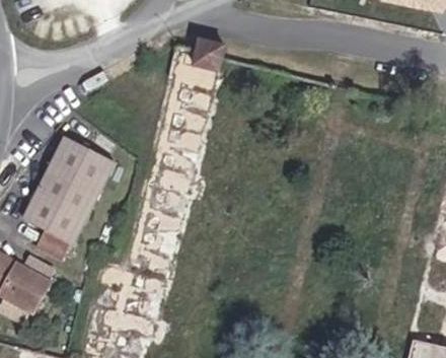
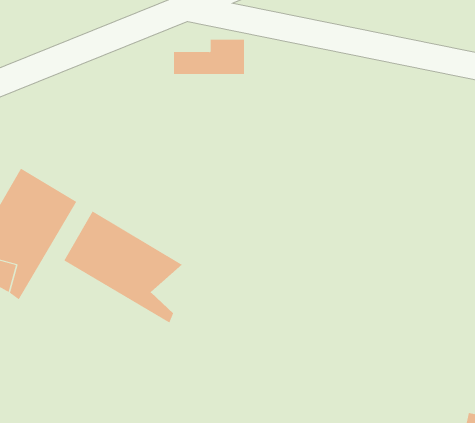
building: none -> [63,211,183,323]

